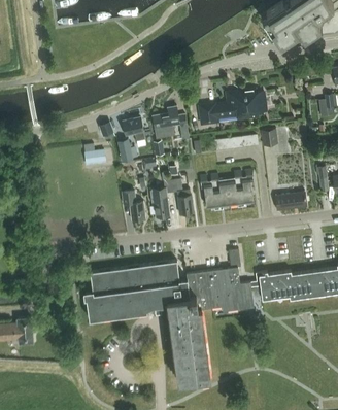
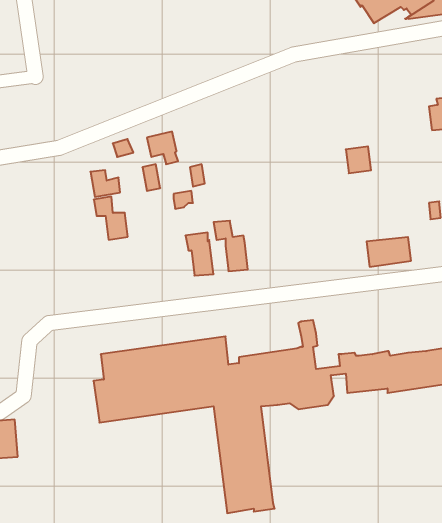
building: [199,89,267,125] -> none
building: [153,107,190,140] -> none
building: [199,171,255,208] -> none
building: [122,192,145,221] -> [94,197,128,240]

